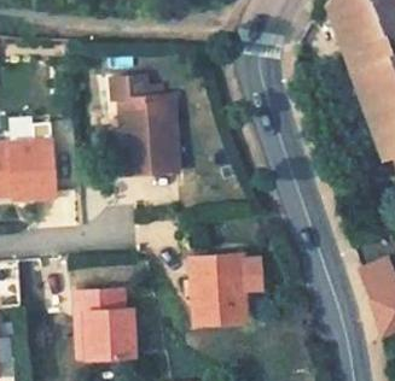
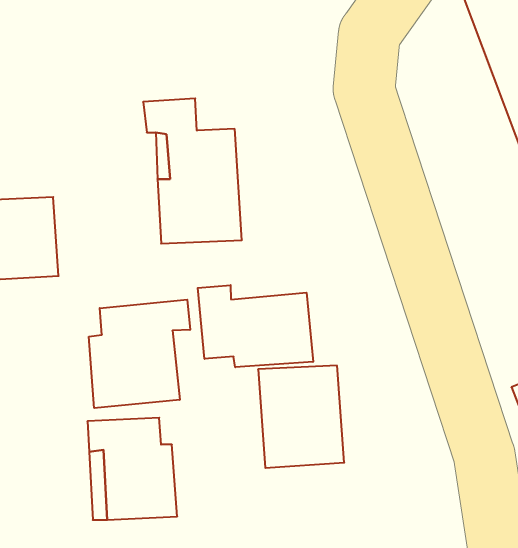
building: none -> [198,285,313,367]
building: none -> [89,300,190,408]

